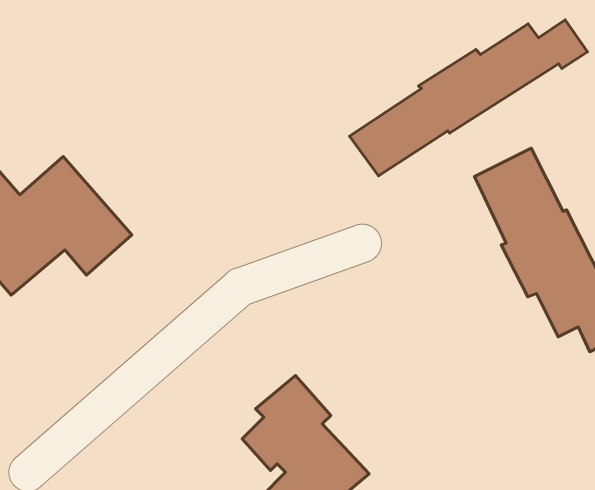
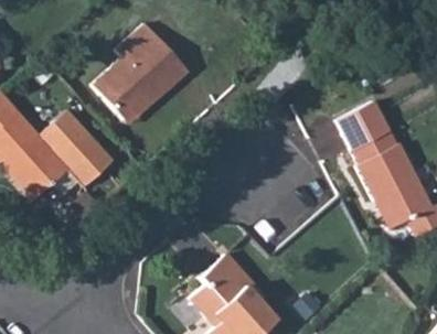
building: [350,20,588,176] -> none
building: none -> [94,22,190,118]

